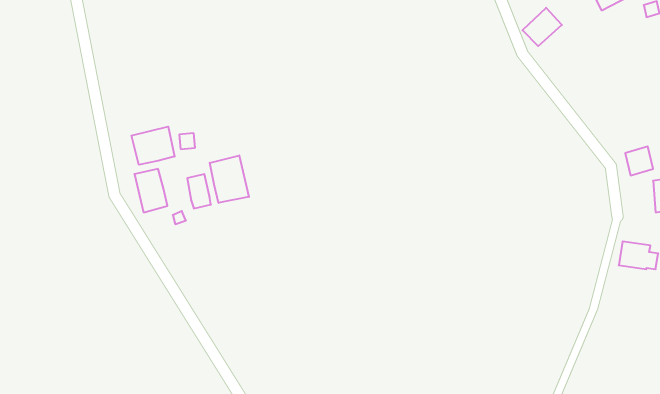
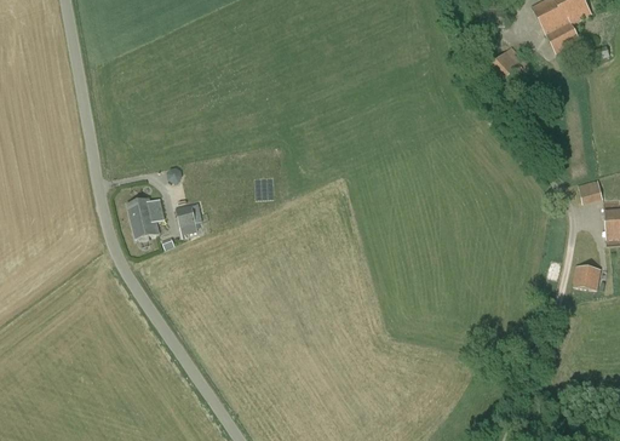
building: [131,127,175,165] -> none
building: [210,155,249,203] -> none

